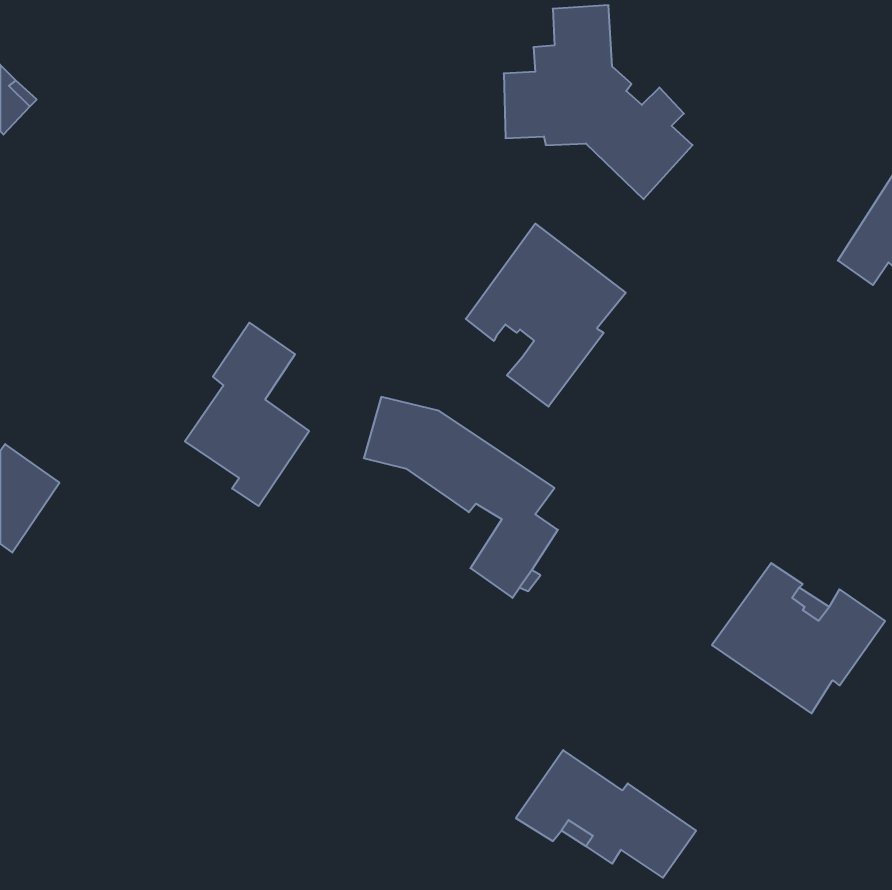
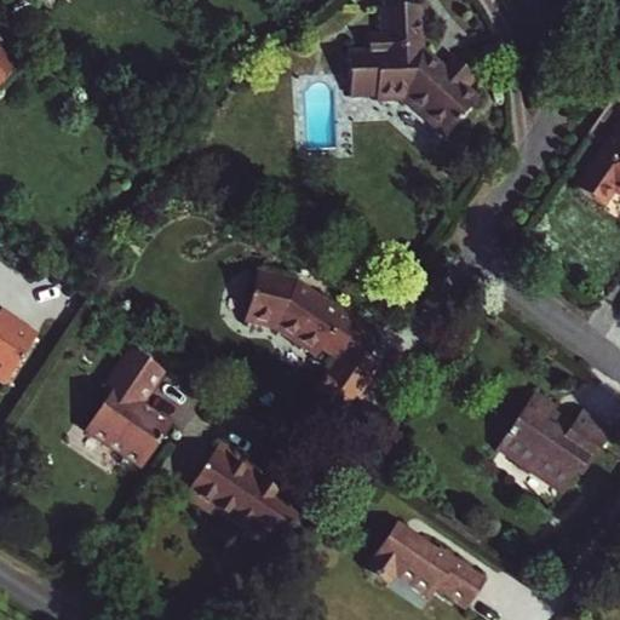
building: [466,224,626,407] -> none
building: [185,323,309,506] -> [82,346,168,473]
building: none -> [180,441,303,552]

